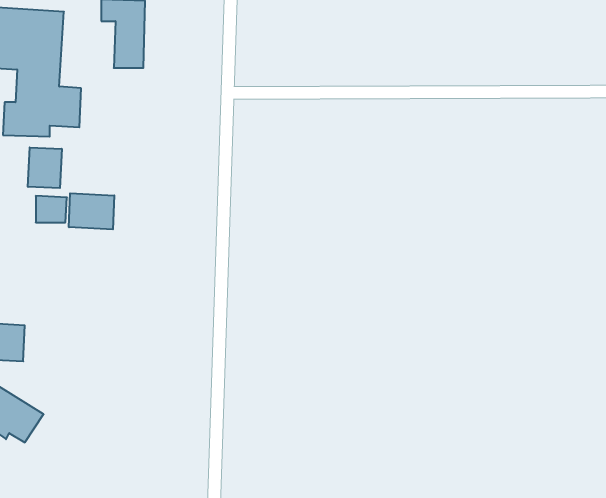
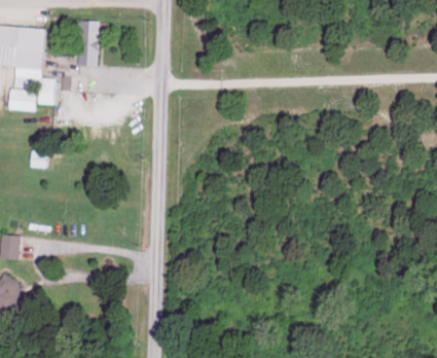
building: [28,147,62,188] -> none
building: [69,193,114,229] -> none

